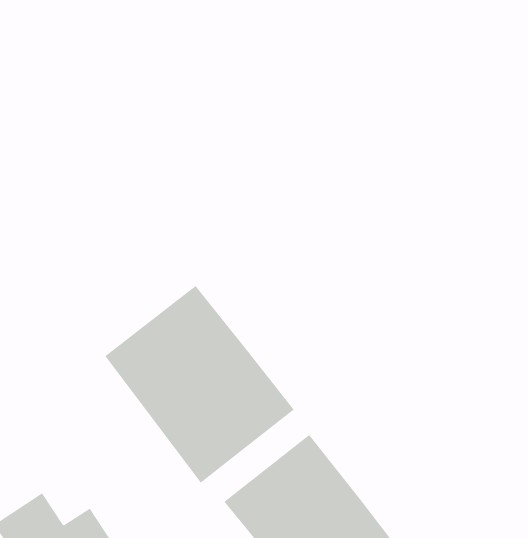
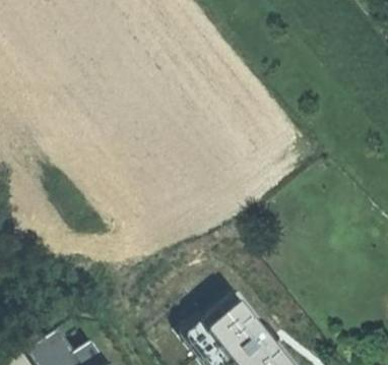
building: [104,285,294,483] -> none

